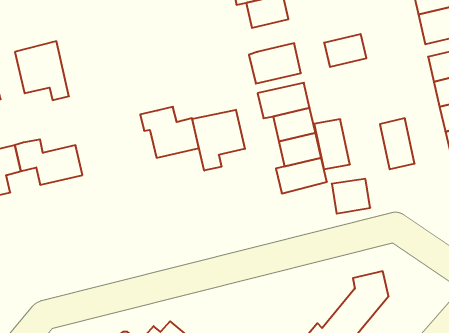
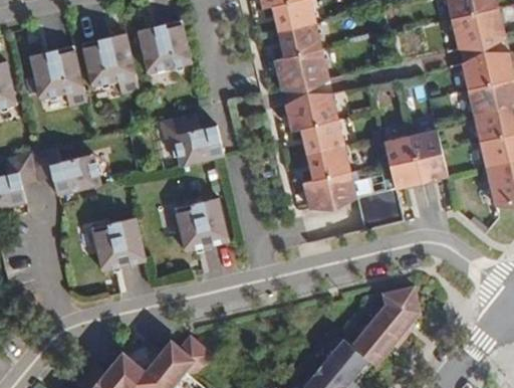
building: none -> [138,20,191,74]
building: none -> [81,33,139,94]
building: [324,34,366,67] -> [277,22,321,56]
building: [192,110,245,171] -> none
building: [314,119,350,169] -> [383,132,421,184]
building: none -> [175,202,229,256]
building: none -> [92,222,146,276]

